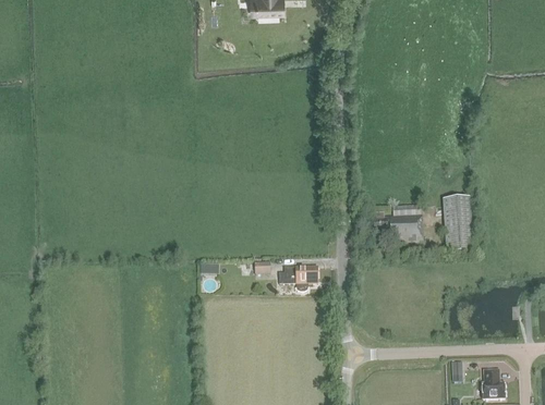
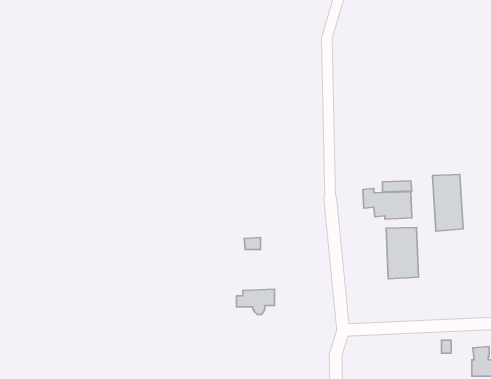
building: none -> [386,227,419,279]
building: [278,266,316,291] -> [236,289,275,314]

